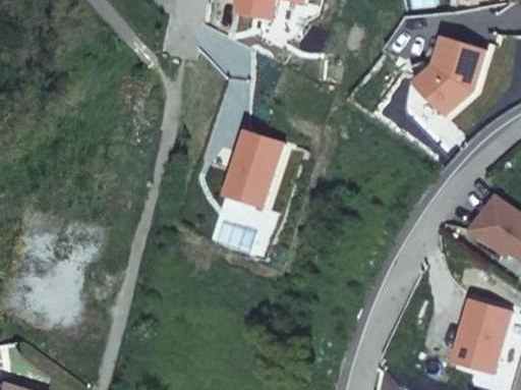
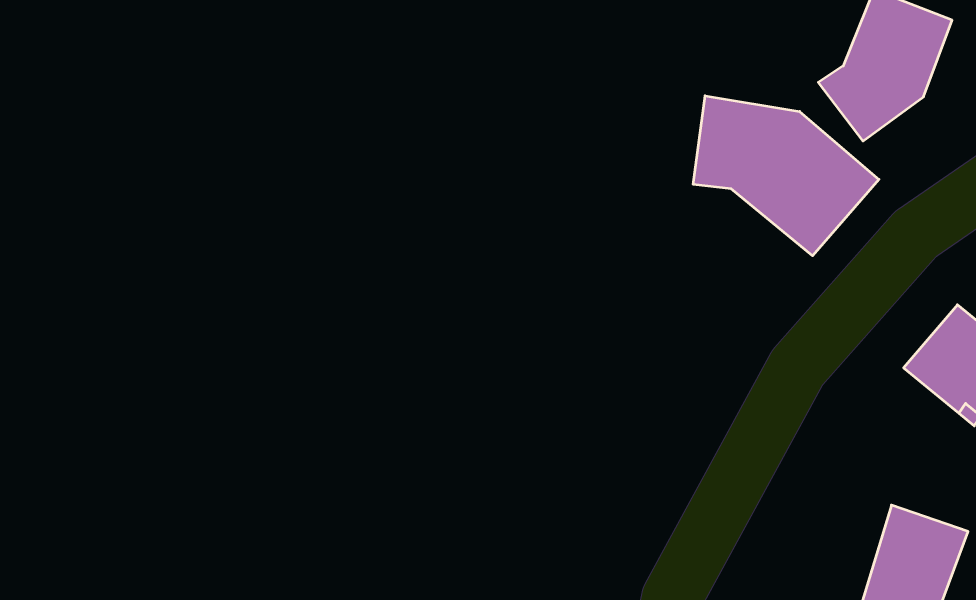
building: none -> [693,96,879,256]
building: [223,132,281,208] -> none

